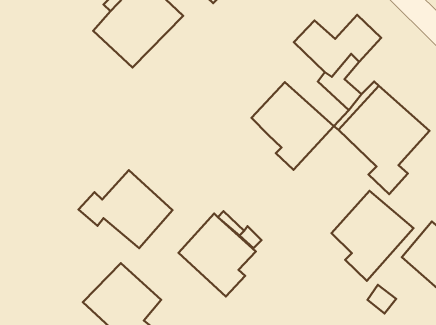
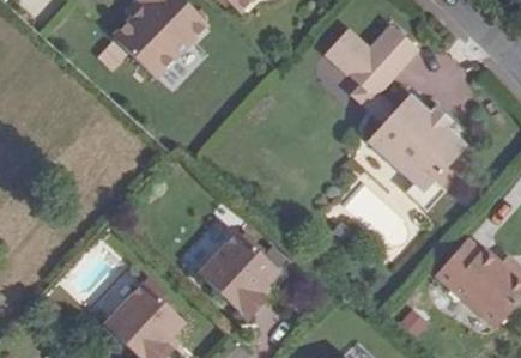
building: [251,82,334,170] -> none
building: [79,170,173,248] -> none
building: [331,191,413,281] -> none

